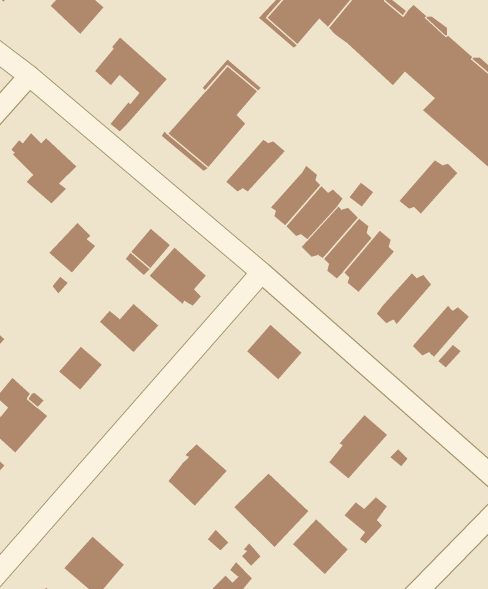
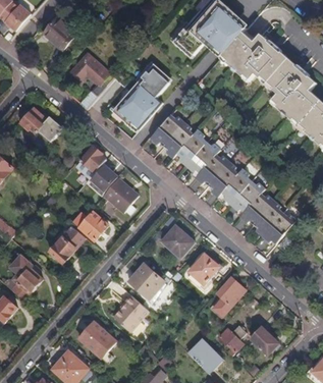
building: none -> [162,120,194,158]
building: [399,160,458,214] -> [228,180,264,213]
building: [48,222,96,273] -> [76,146,105,176]
building: none -> [251,200,281,236]
building: none -> [190,254,219,283]
building: none -> [130,259,168,296]
building: [234,473,309,548] -> none
building: none -> [79,321,116,358]
building: none -> [249,326,278,353]

